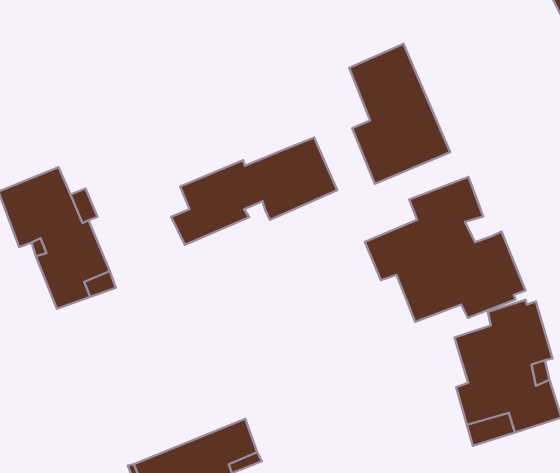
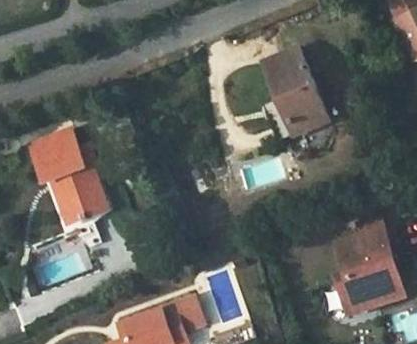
building: [171,138,337,245] -> none
building: [365,177,525,322] -> none

